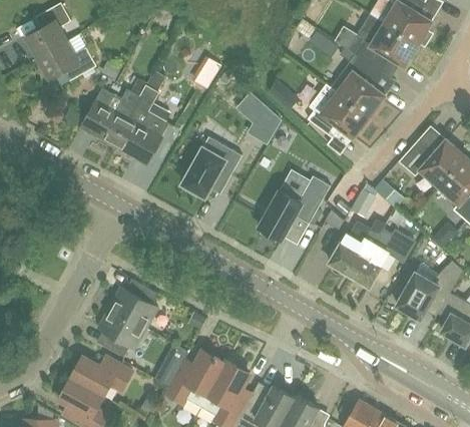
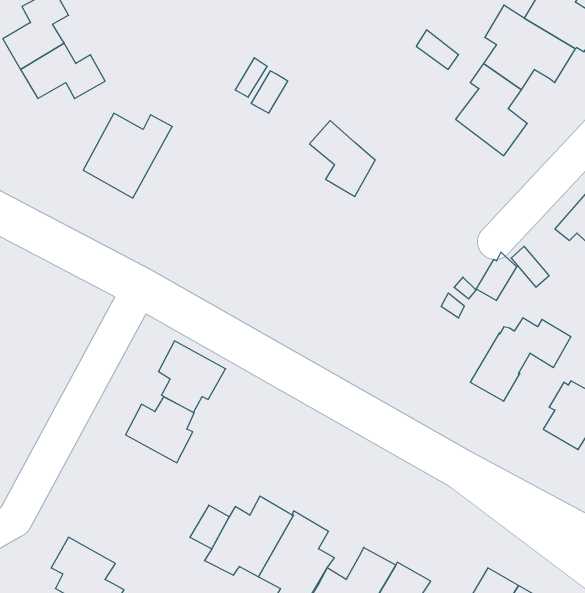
building: [114,71,168,163] -> none
building: [307,83,369,137] -> none
building: [181,136,242,195] -> none
building: [259,169,330,241] -> none
building: [329,220,384,273] -> none
building: [98,308,144,357] -> [158,341,226,413]
building: [70,355,132,396] -> none

